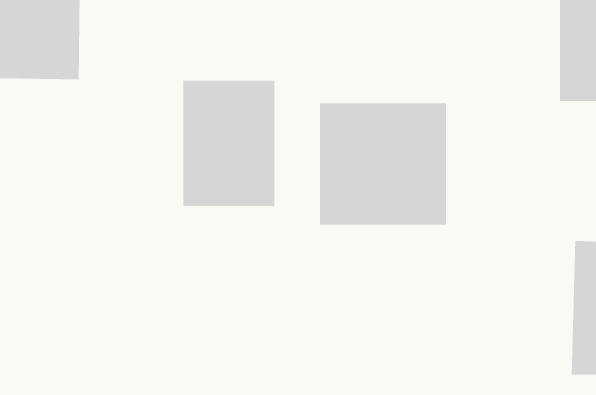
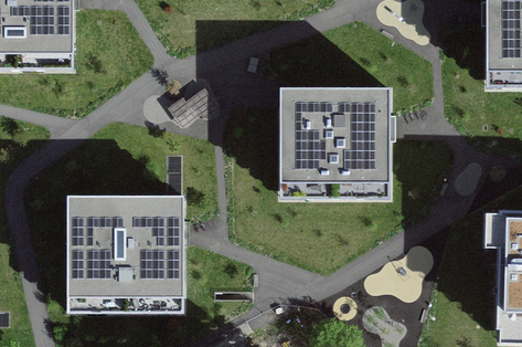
building: [183,80,275,207] -> none
building: none -> [66,192,183,308]

